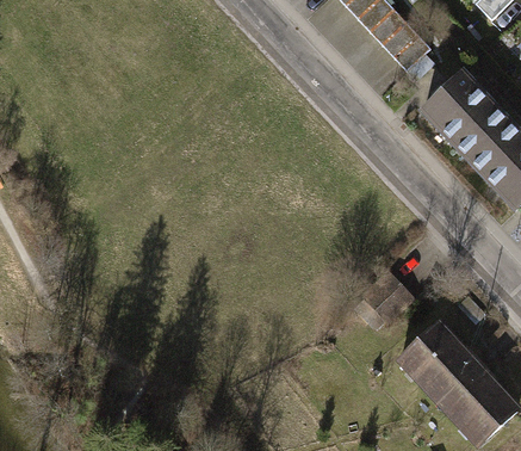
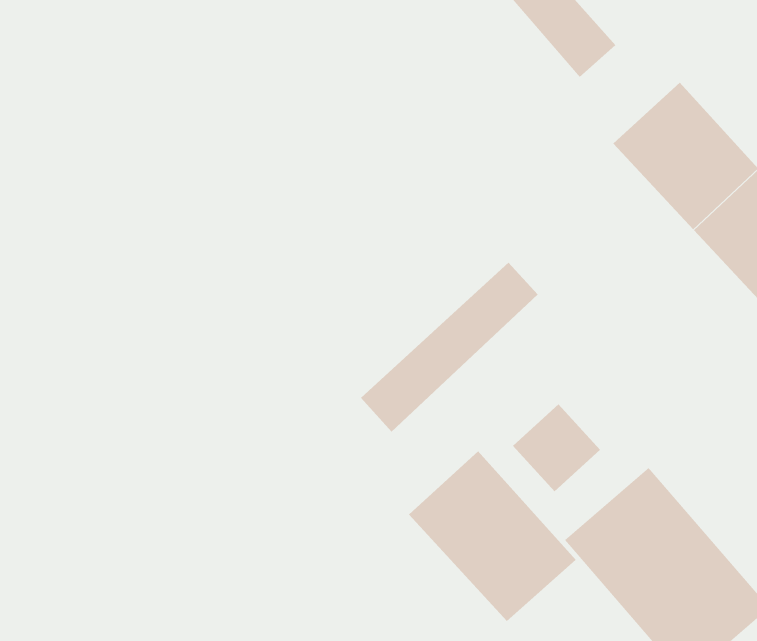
building: none -> [360,262,538,433]
building: none -> [408,450,577,622]

